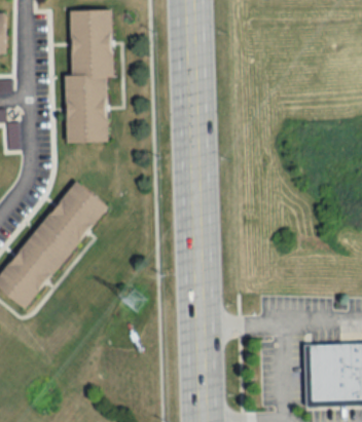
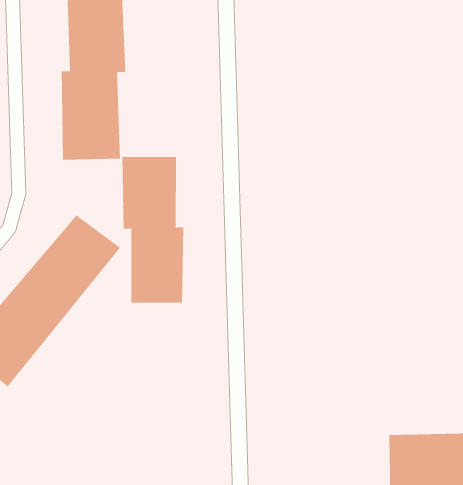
building: none -> [122,156,184,304]

